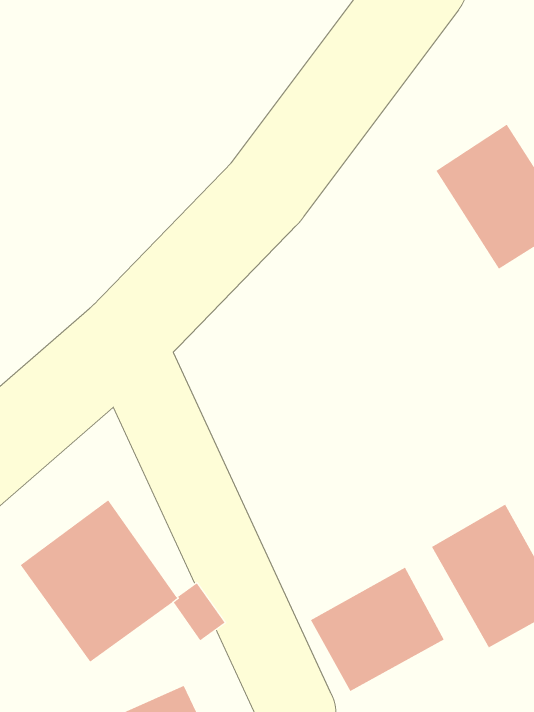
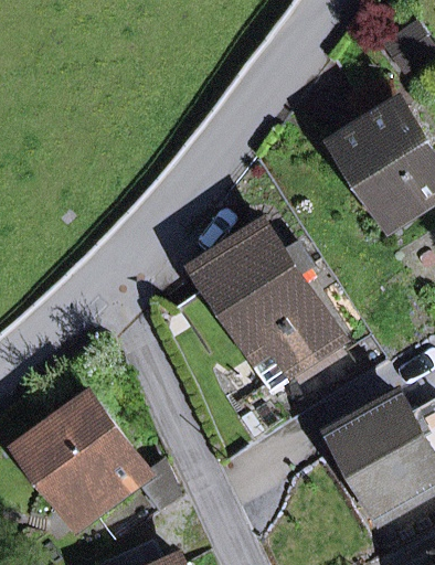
building: none -> [199,228,337,391]
building: [310,567,445,692] -> none

